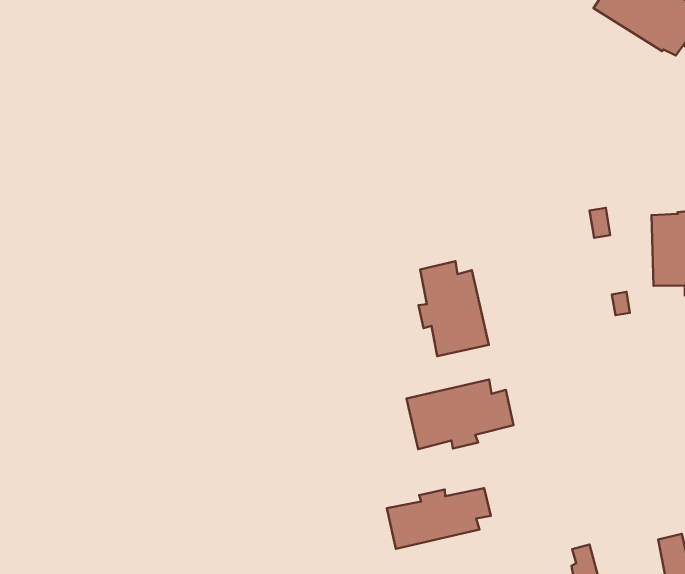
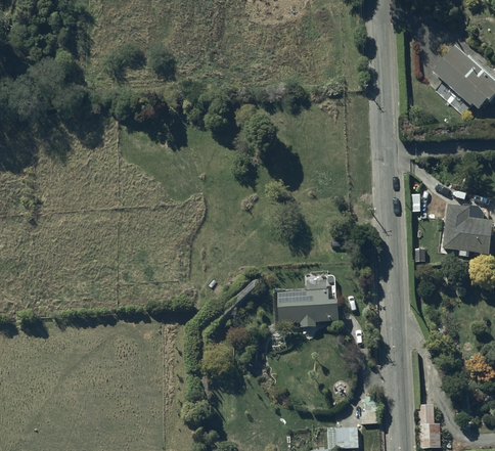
building: [419,261,489,356] -> none
building: [387,488,491,549] -> none

